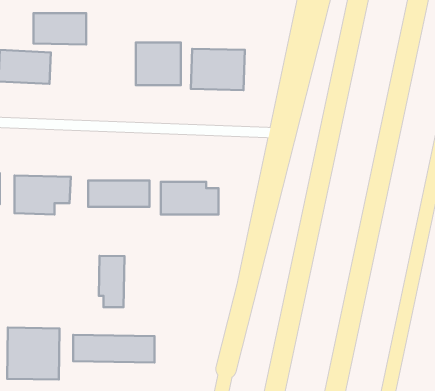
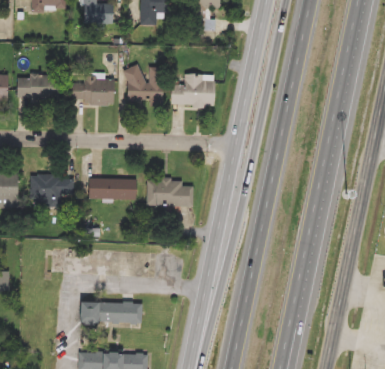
building: [34,13,86,45] -> [71,80,113,105]
building: [99,256,124,307] -> none
building: [7,328,60,380] -> none

